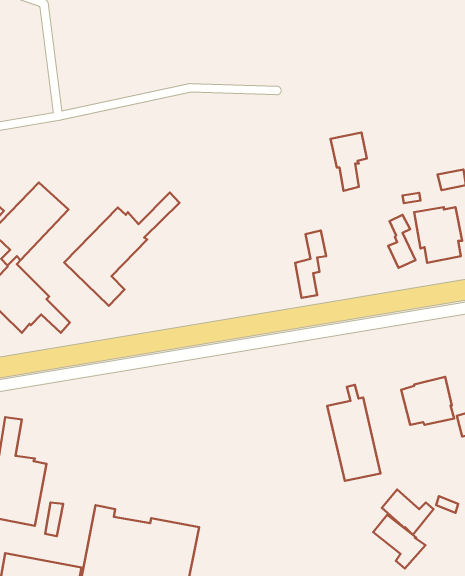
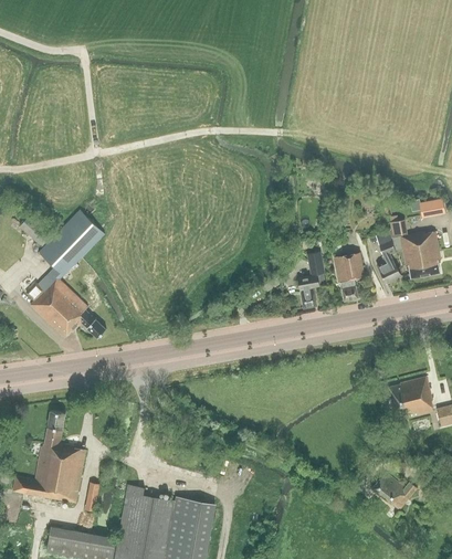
building: [330,132,367,191] -> [334,252,365,302]
building: [64,192,179,306] -> none
building: [327,385,381,481] -> none
building: [373,515,425,569] -> none

